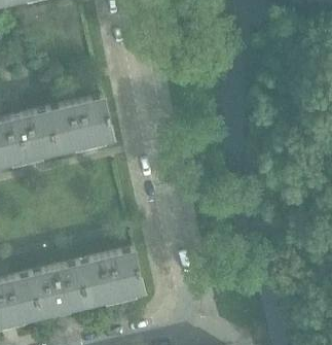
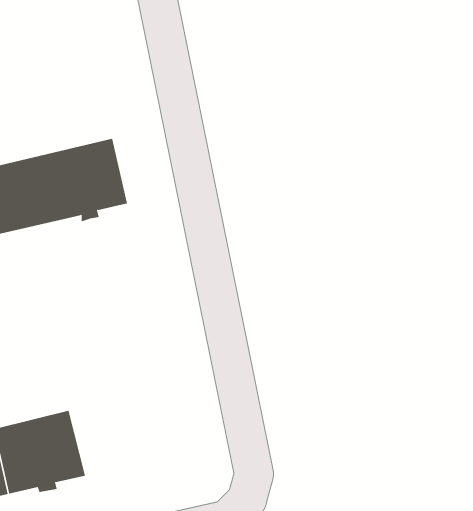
building: [76,253,143,307] -> none

